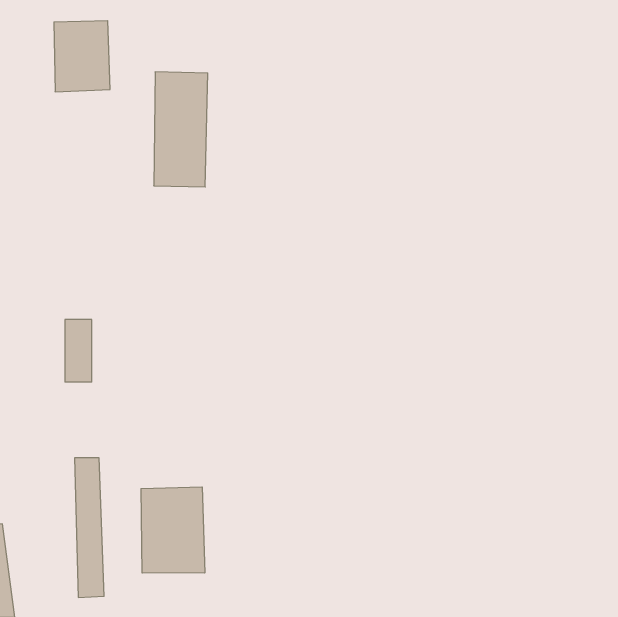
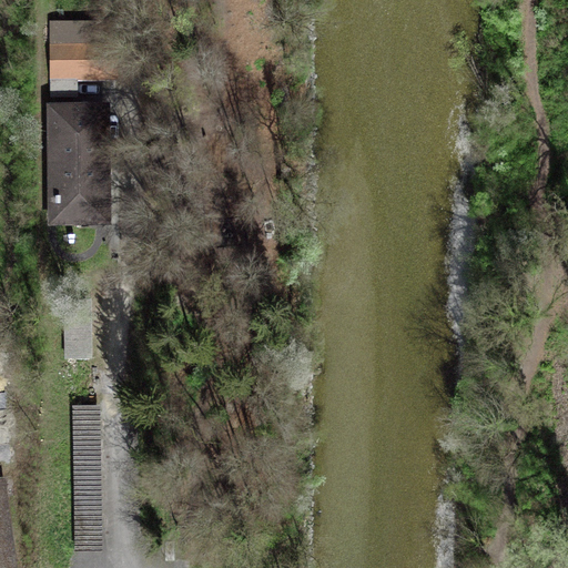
building: [154,72,208,187] -> [50,105,99,210]
building: [141,487,205,573] -> none

